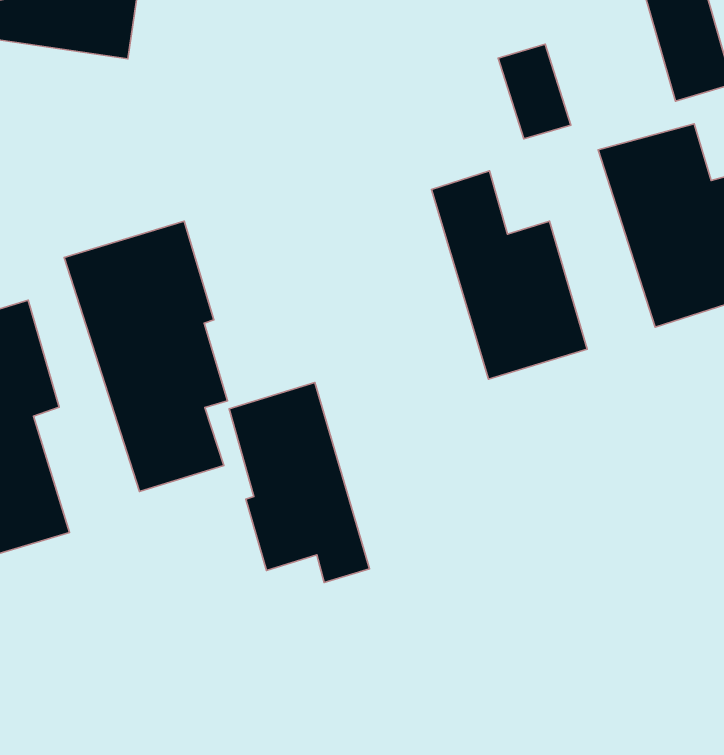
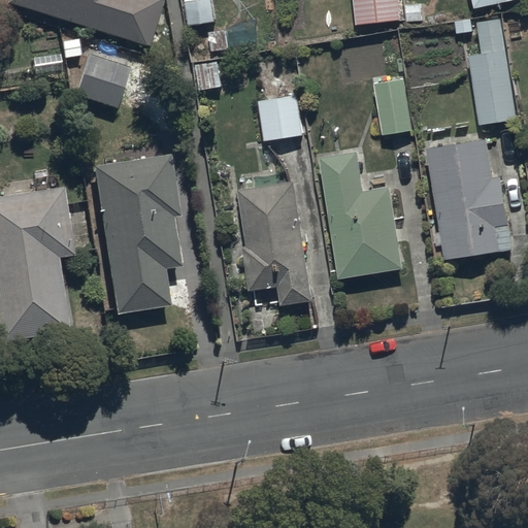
building: none -> [72,53,128,107]
building: none -> [257,94,302,141]
building: [229,383,370,582] -> [239,180,310,303]

